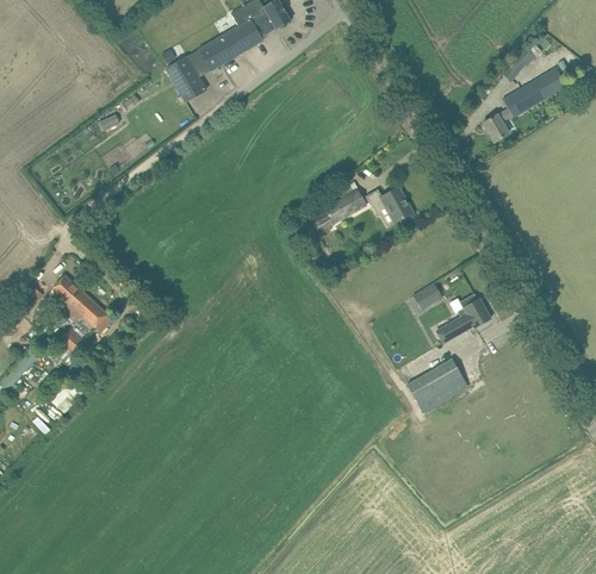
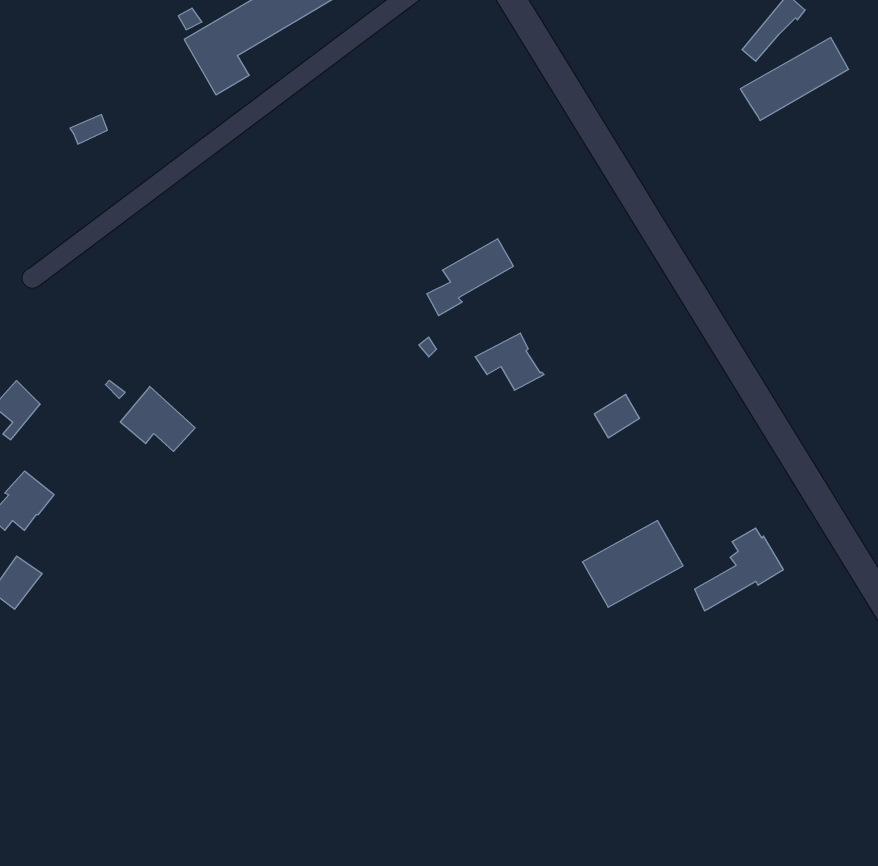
building: [483,107,514,142] -> none
building: [372,187,414,222] -> [475,333,544,390]
building: [62,288,107,327] -> [120,386,195,451]
building: [437,293,491,343] -> [695,528,783,611]

